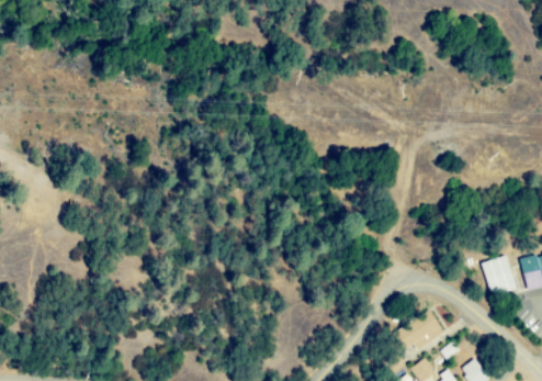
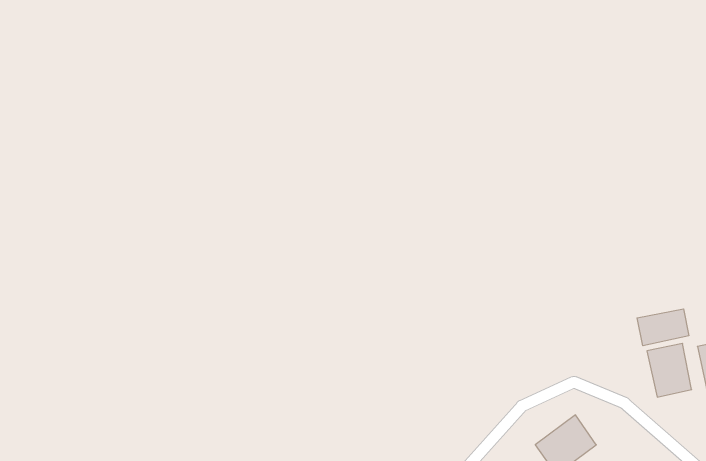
building: none -> [637,309,689,346]

